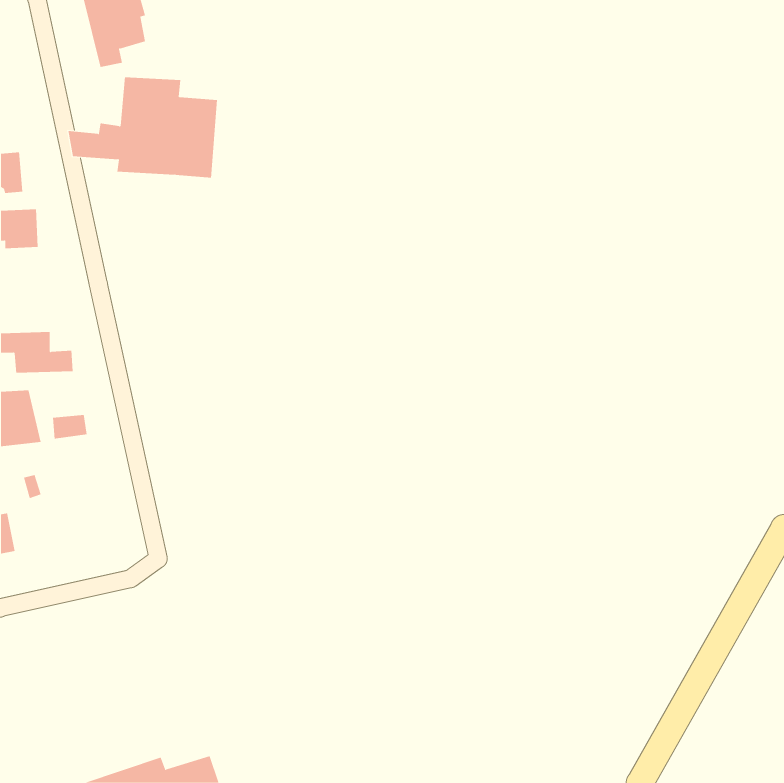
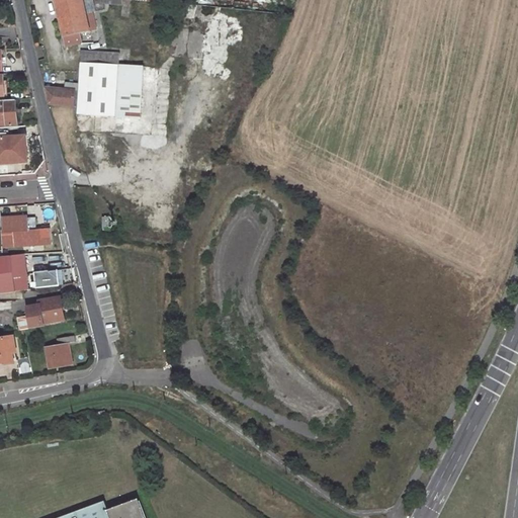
building: none -> [25,296,63,328]
building: none -> [46,337,73,367]

